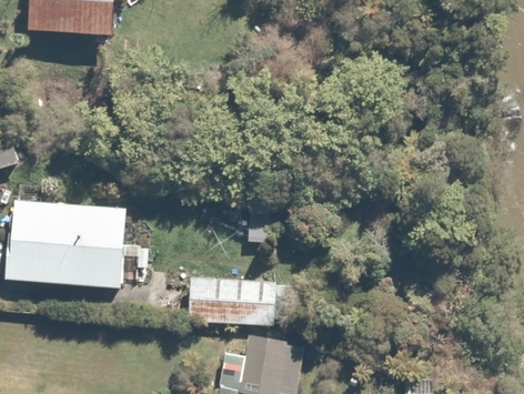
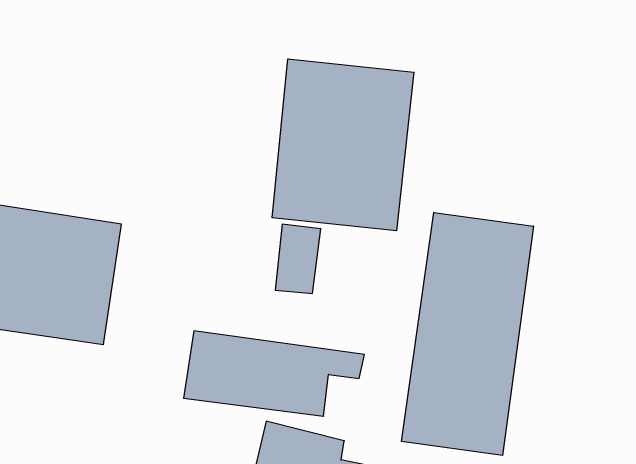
building: none -> [272,59,414,231]
building: none -> [402,212,533,455]

